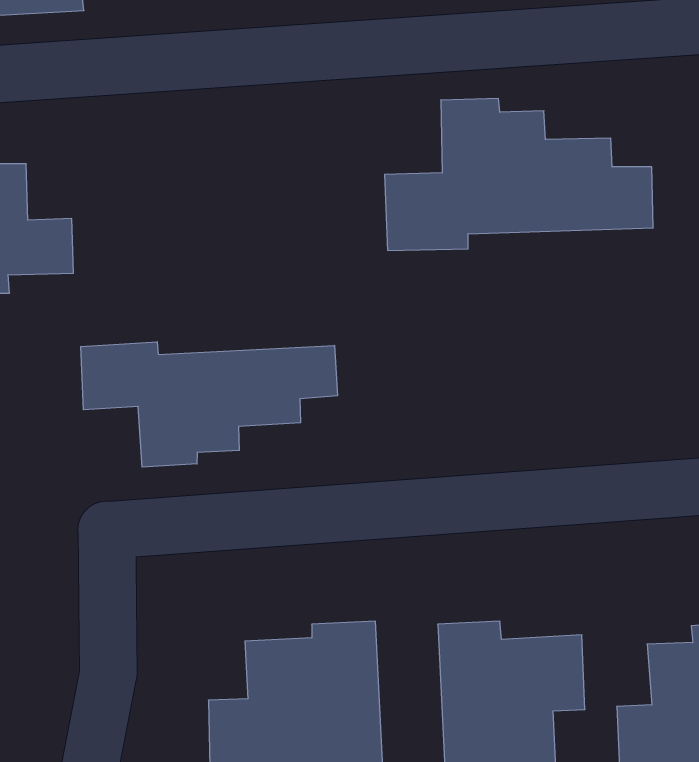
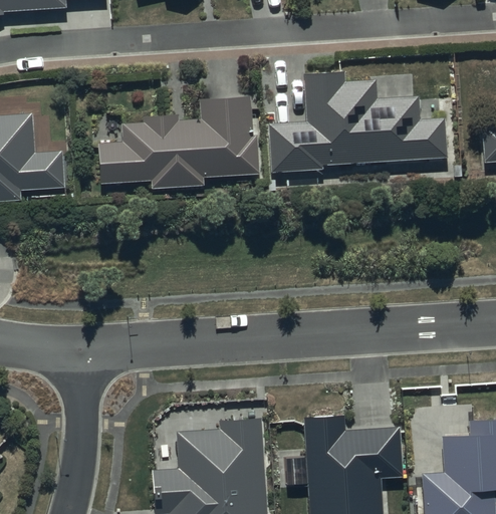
building: none -> [99,95,259,189]
building: [81,342,337,467] -> none

